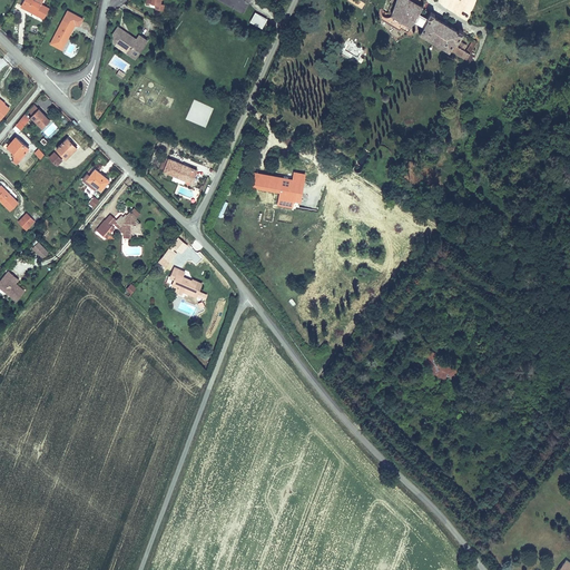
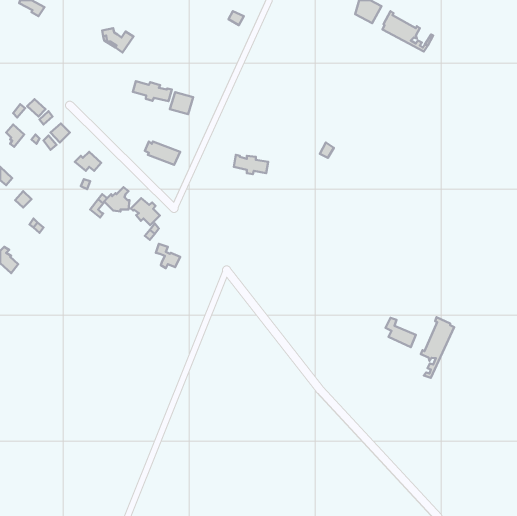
building: [51,11,82,51] -> none
building: none -> [133,81,172,101]
building: none -> [131,198,160,225]
building: none -> [421,317,454,378]

